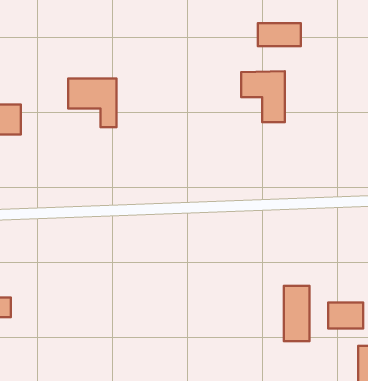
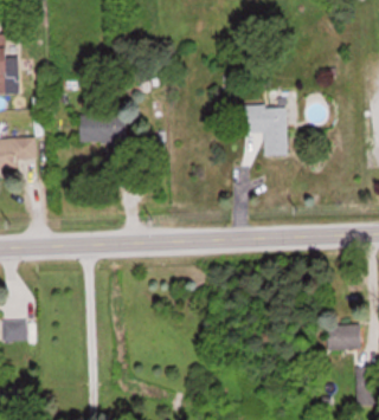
building: [258,23,301,46] -> none
building: [284,286,309,341] -> none

